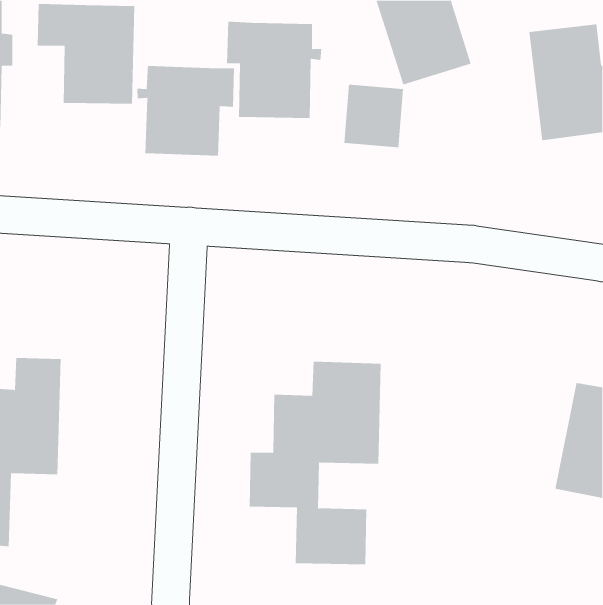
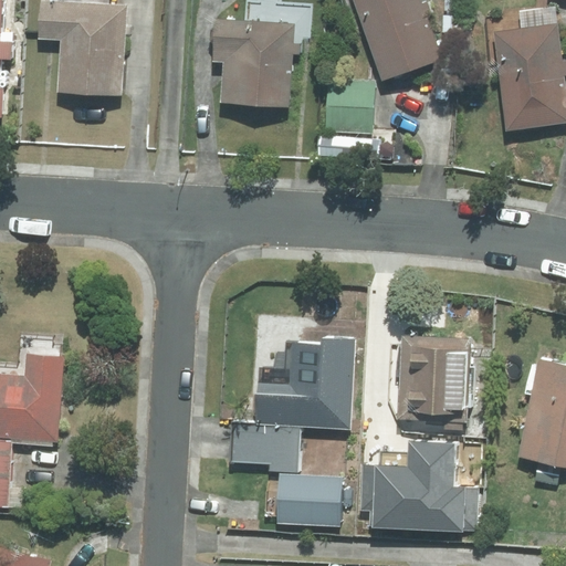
building: [137,65,235,157] -> none
building: none -> [399,335,465,420]
building: none -> [366,437,478,527]

